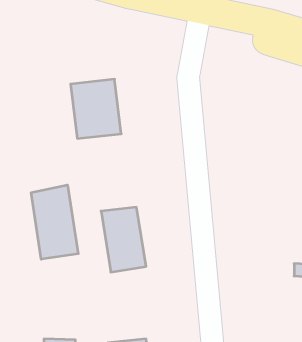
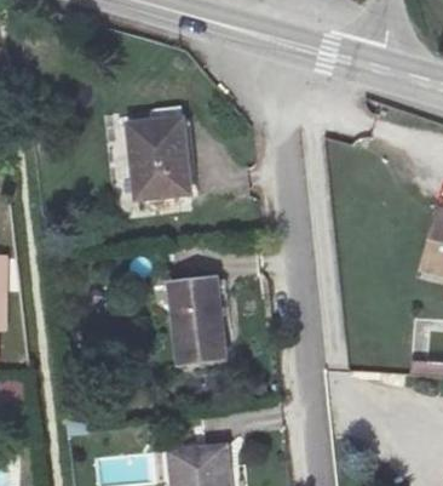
building: [31,185,78,259] -> none

